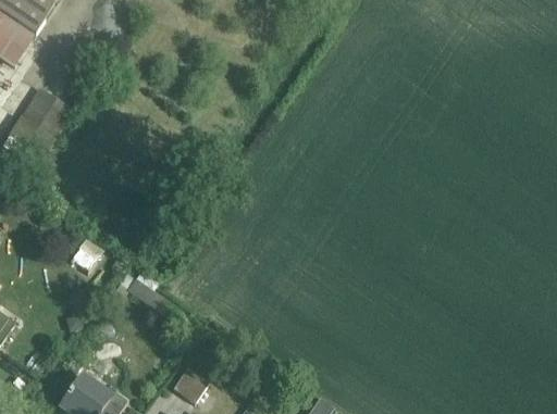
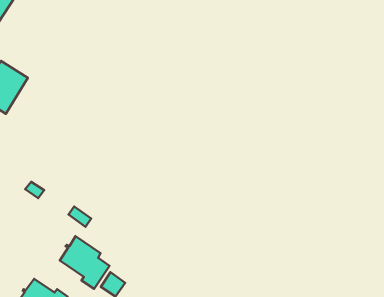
building: none -> [60,236,109,289]

